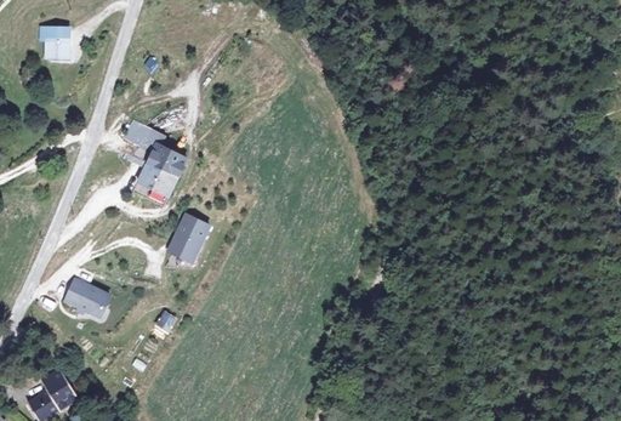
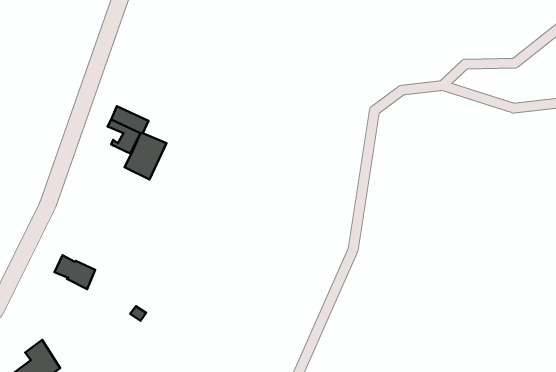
building: [44,28,70,57] -> none
building: [172,216,209,260] -> none

